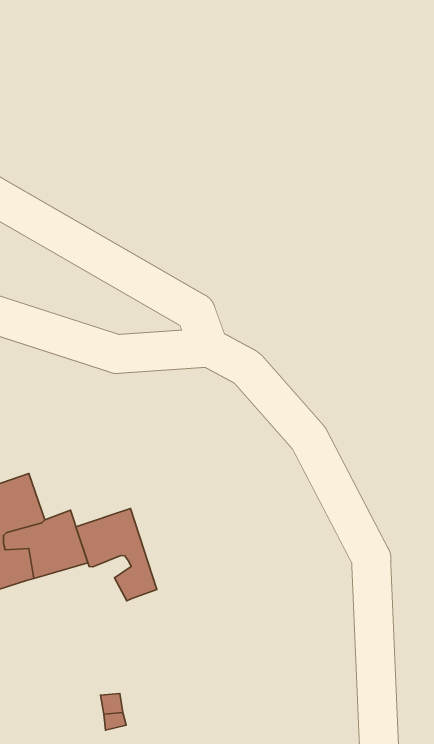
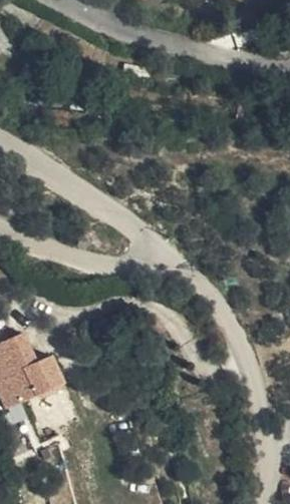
building: [76,508,157,601] -> none

